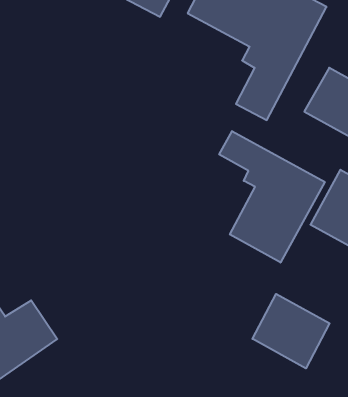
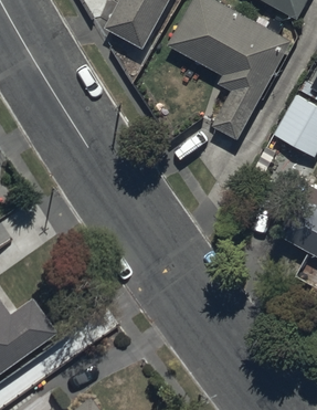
building: [219,131,325,263] -> none
building: [252,294,330,368] -> none

